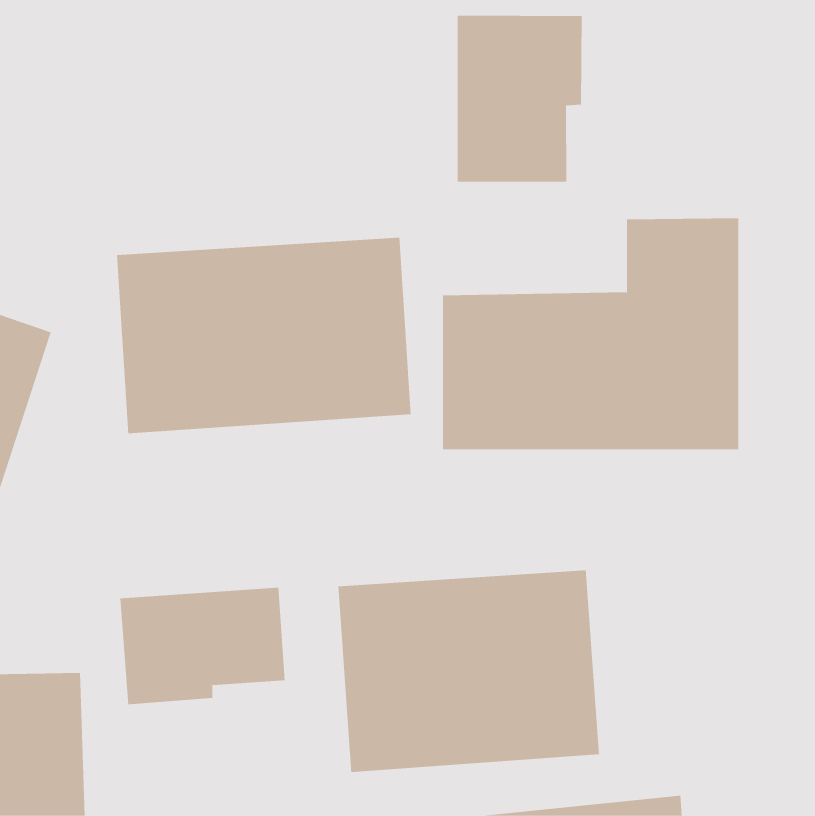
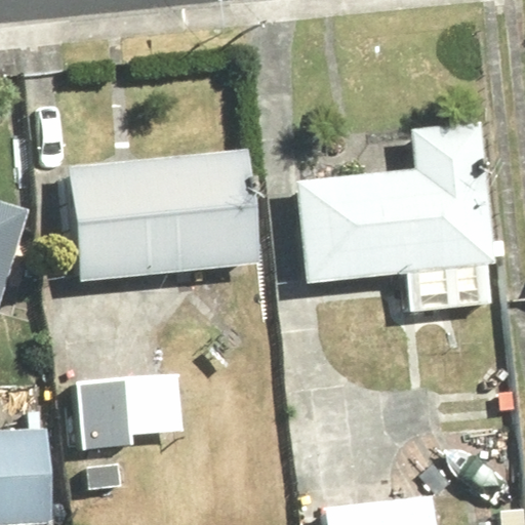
building: [457,15,582,183] -> none
building: [338,570,599,773] -> none

